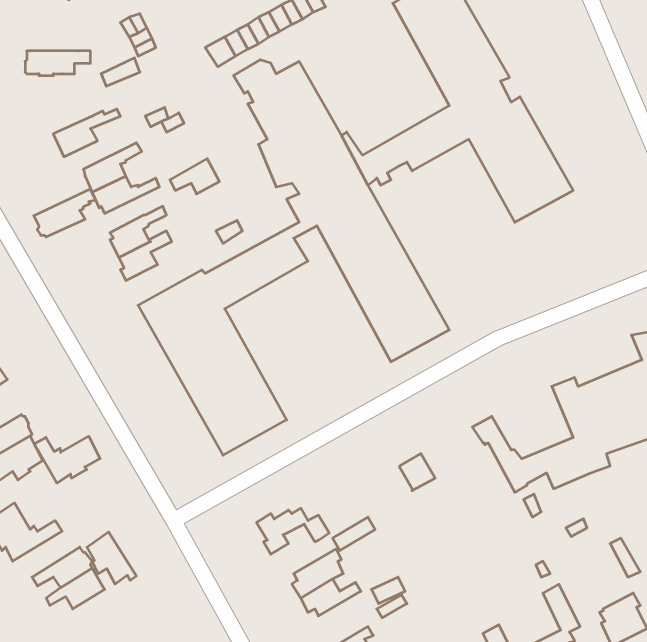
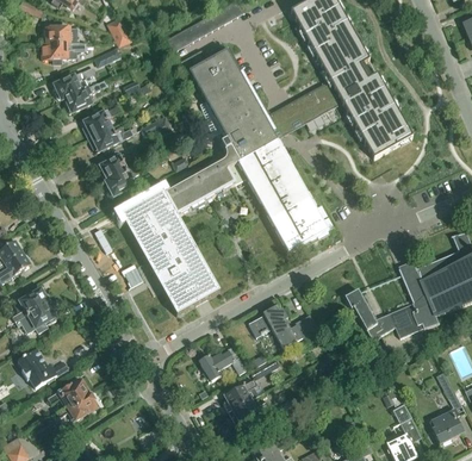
building: none -> [45,21,79,42]
building: [34,189,96,237] -> [54,66,95,98]
building: [34,436,100,483] -> none
building: none -> [249,304,298,348]
building: [87,532,136,584] -> none

